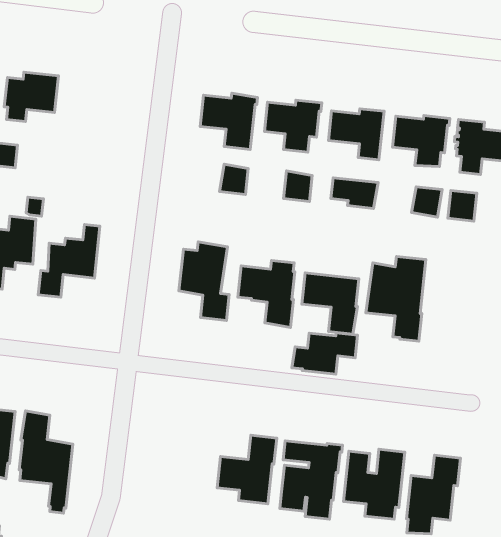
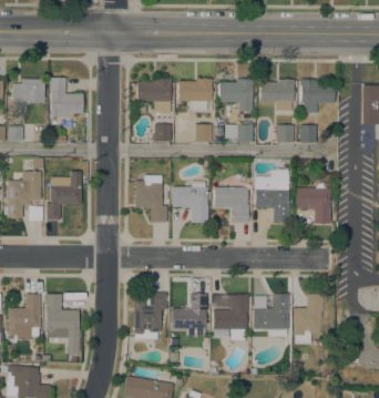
building: none -> [51,76,83,116]
building: none -> [296,181,330,223]
building: [292,333,358,374] -> none
building: none -> [134,293,166,338]

